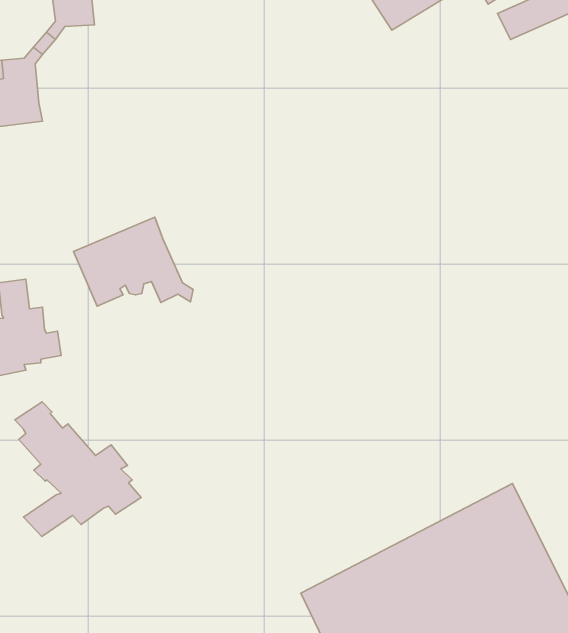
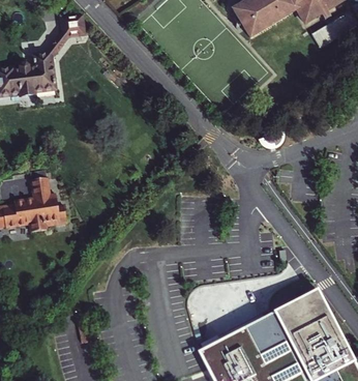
building: [74,217,193,306] -> none
building: [15,402,141,536] -> none

